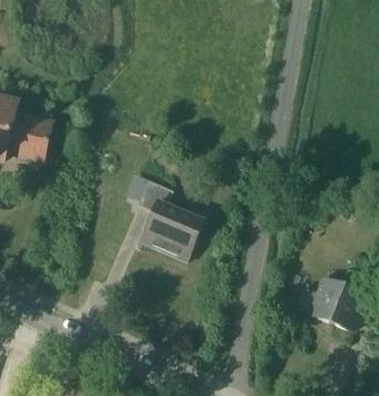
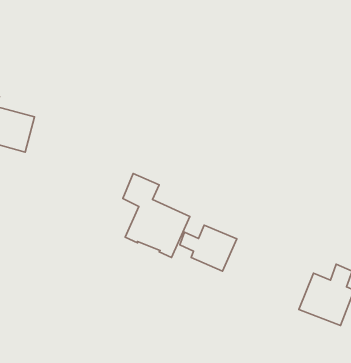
building: none -> [180,225,237,271]

